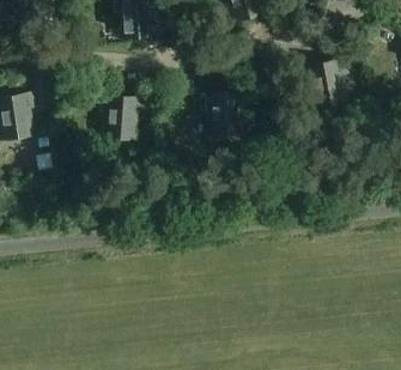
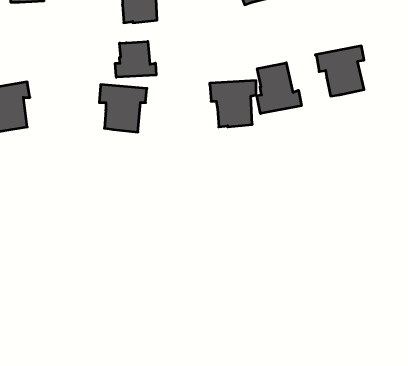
building: none -> [115,41,156,77]
building: none -> [257,63,301,114]

